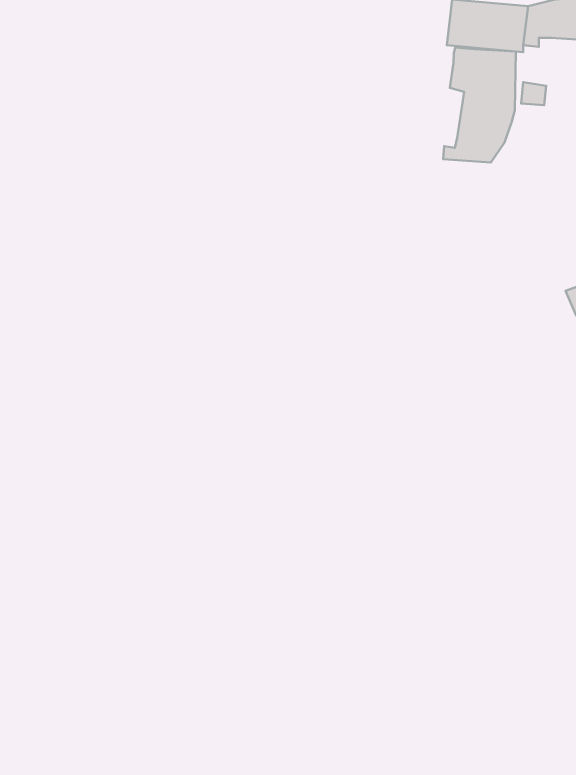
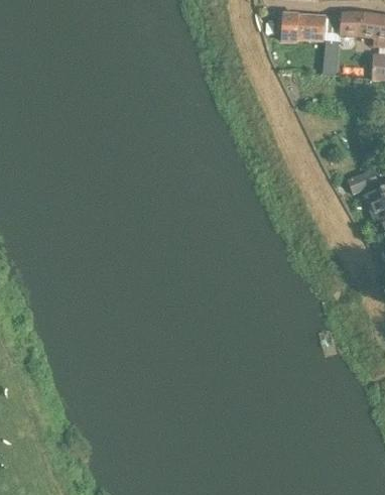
building: [443,48,516,162] -> none

